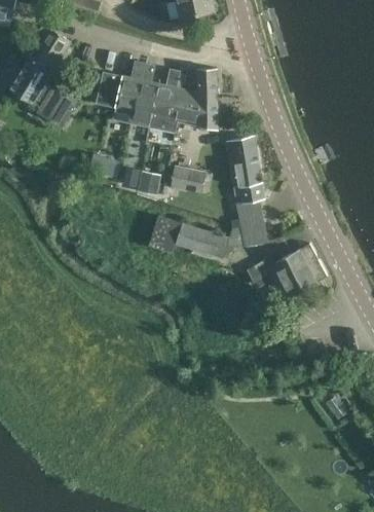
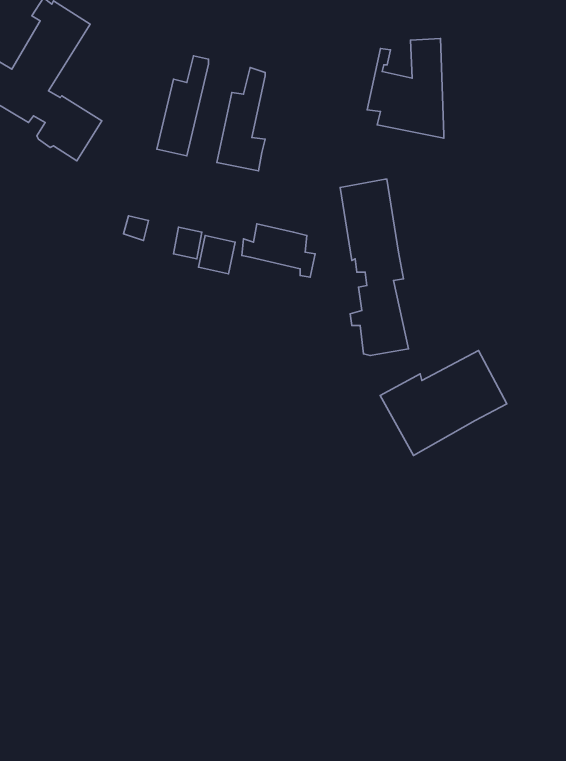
building: [130,66,158,126] -> none
building: [171,67,218,129] -> [367,38,444,138]
building: [97,72,122,108] -> none
building: [148,215,239,257] -> none

